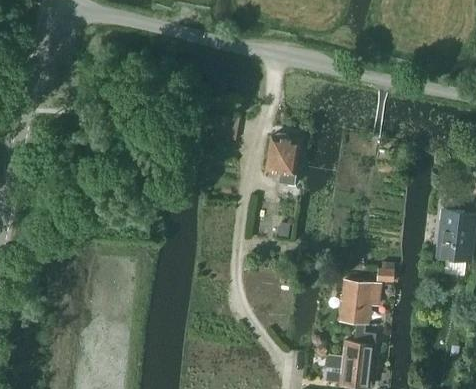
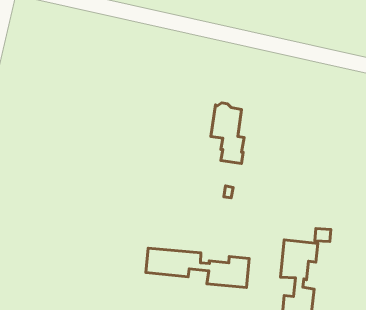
building: none -> [146,248,249,288]

